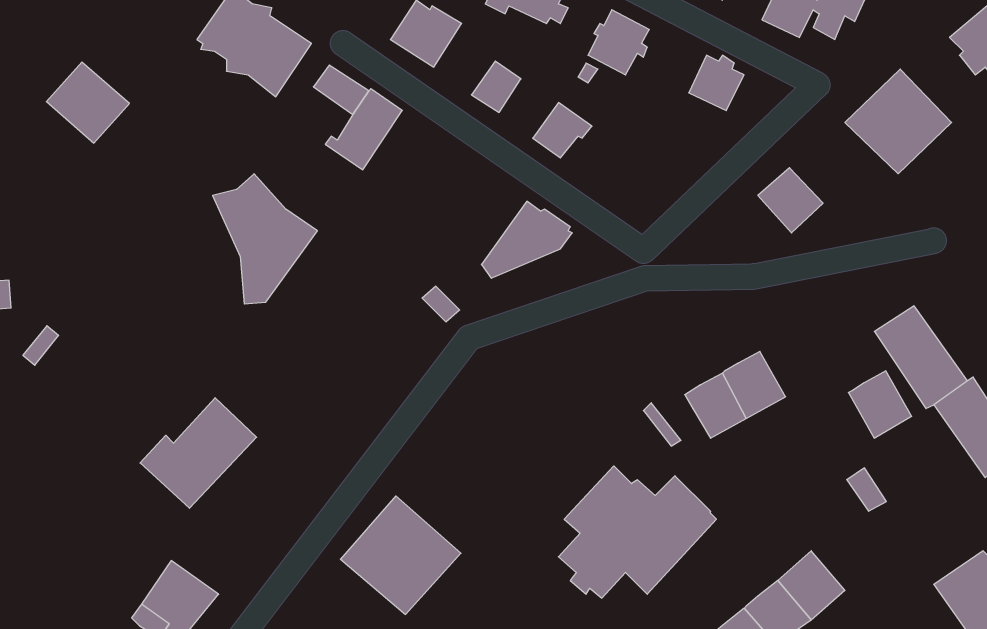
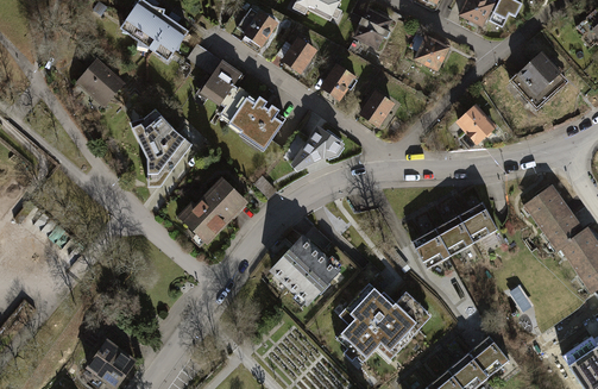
building: [46,62,129,143] -> [75,57,125,106]
building: none -> [219,84,287,150]
building: none -> [361,94,391,125]
building: [848,371,912,438] -> [458,202,496,243]
building: [140,398,257,508] -> [176,177,246,244]
building: [340,496,461,614] -> [270,233,342,305]

